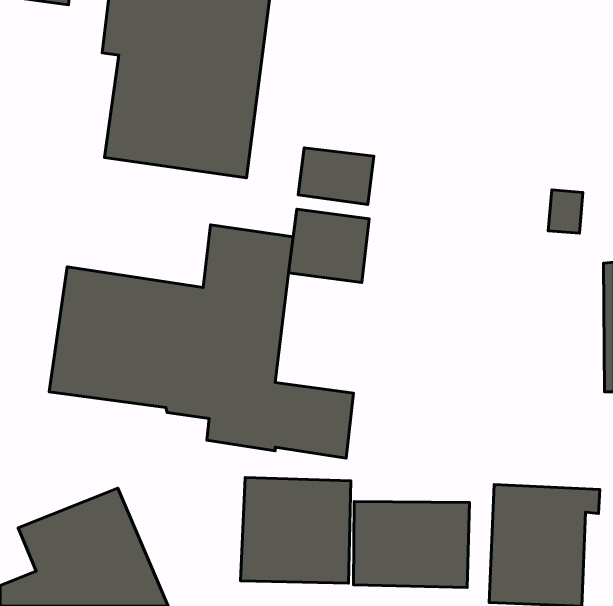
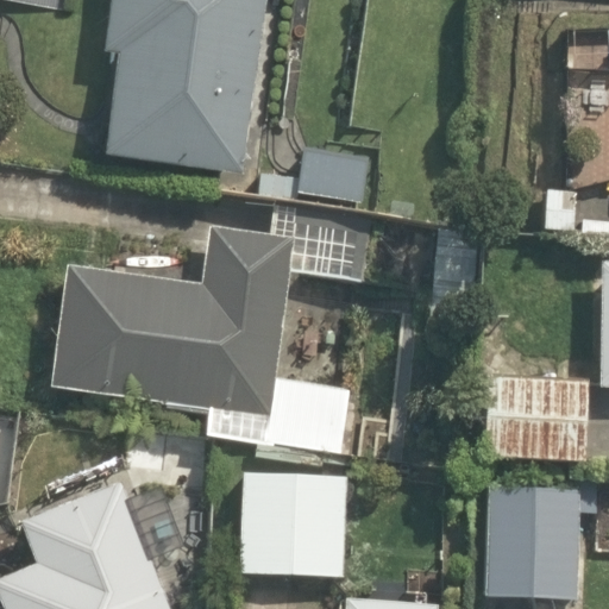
building: none -> [485,376,590,462]
building: [353,502,469,587] -> none

